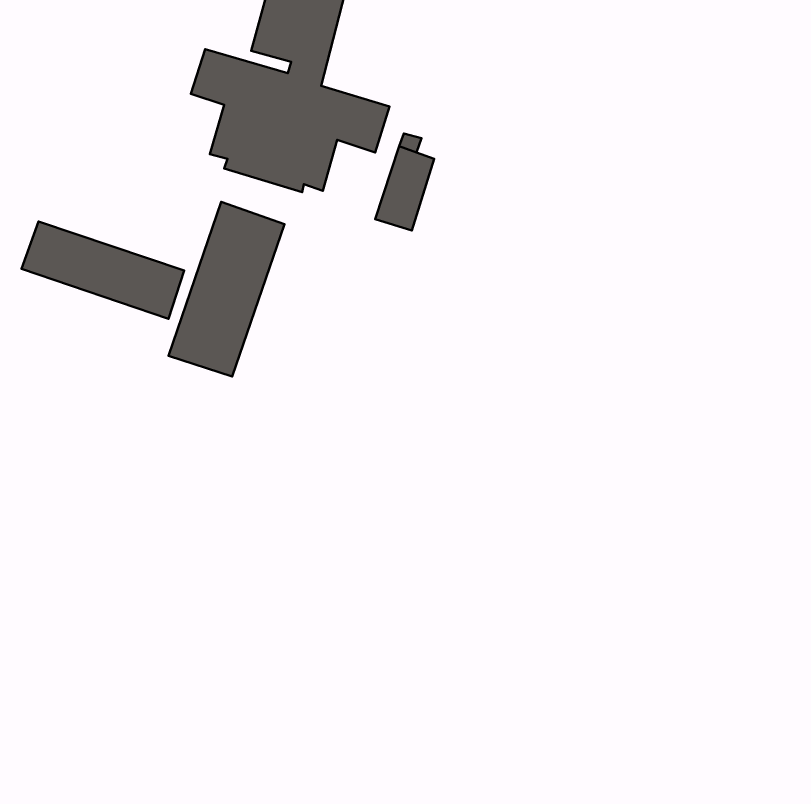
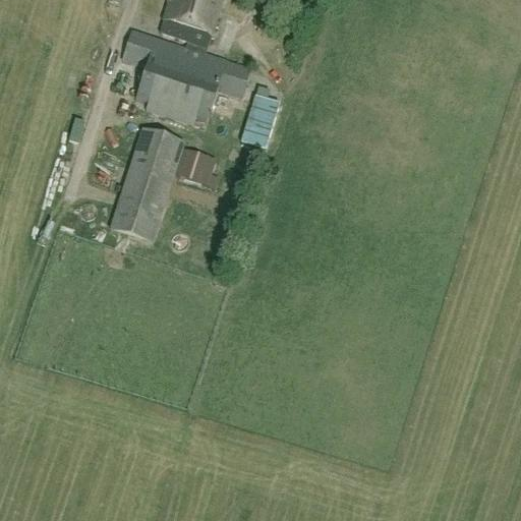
building: [21,221,184,319] -> none
building: none -> [176,148,218,184]

